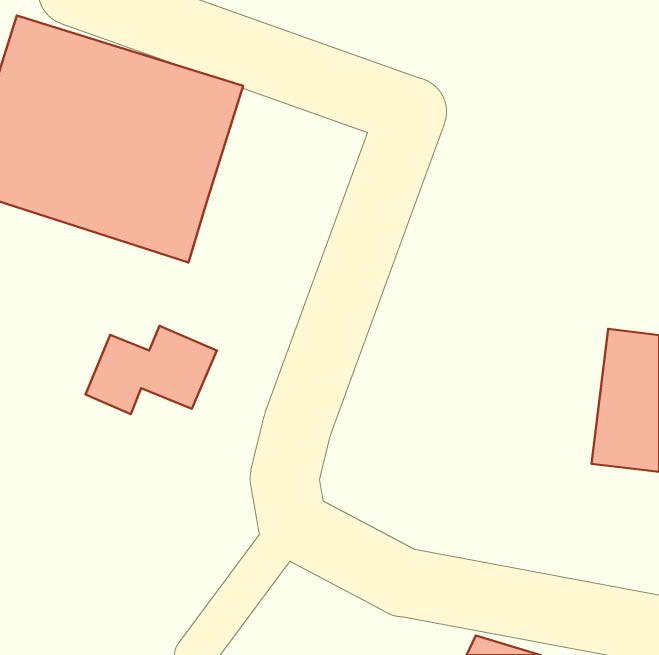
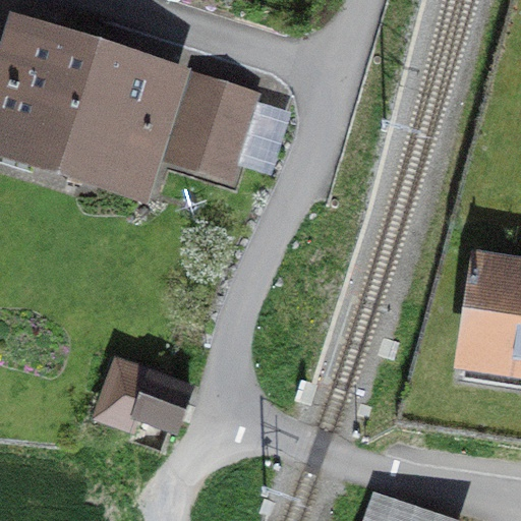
building: none -> [162,67,251,177]
building: [85,326,217,414] -> [92,367,194,437]

